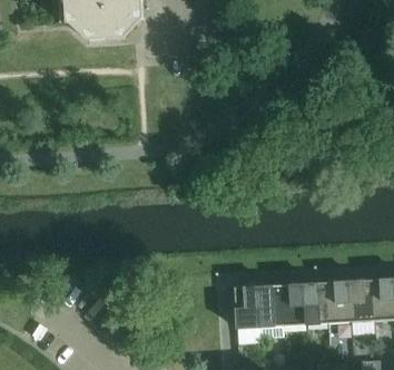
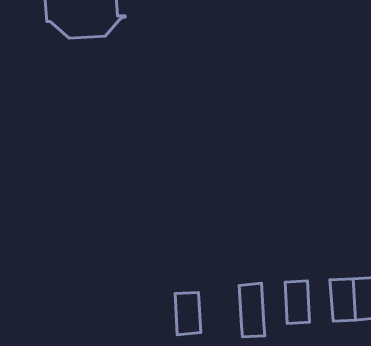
building: [325,280,351,322] -> none
building: [279,282,305,324] -> none
building: [234,285,259,328] -> [175,292,201,335]

